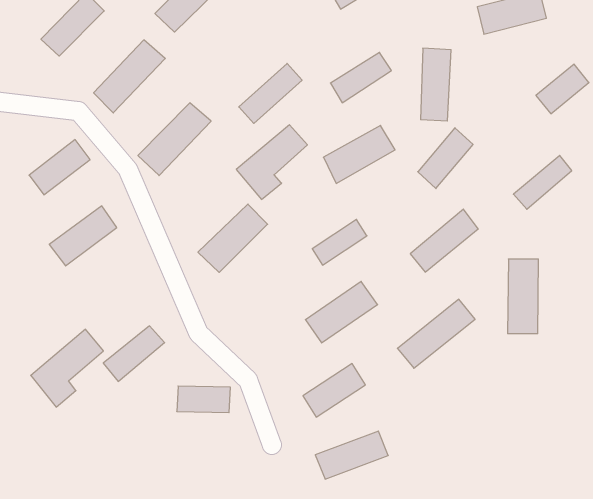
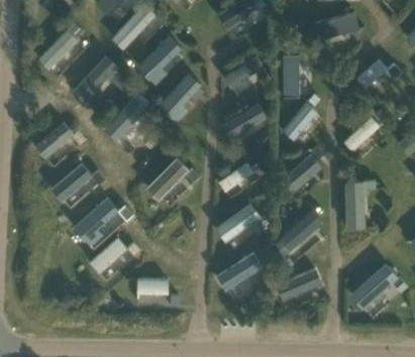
building: [236,125,307,199] -> [138,38,183,87]
building: [31,329,103,407] -> [74,198,119,248]
building: none -> [351,264,398,310]
building: [315,431,388,479] -> [277,270,323,303]

